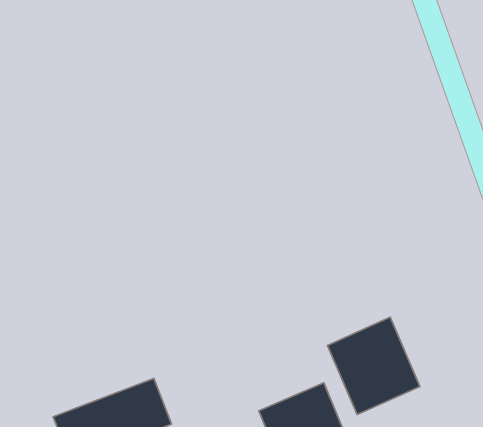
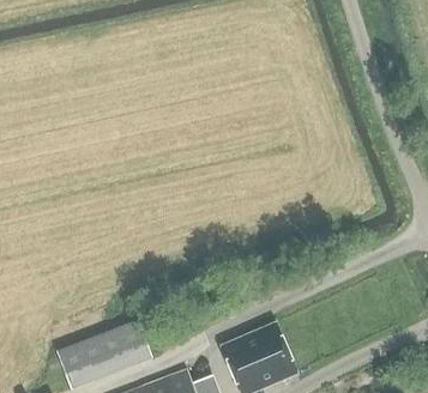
building: [327,317,420,415] -> none

